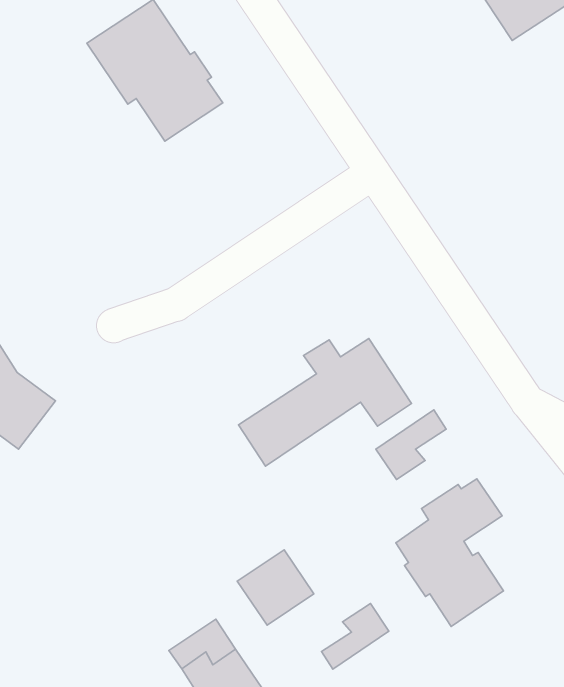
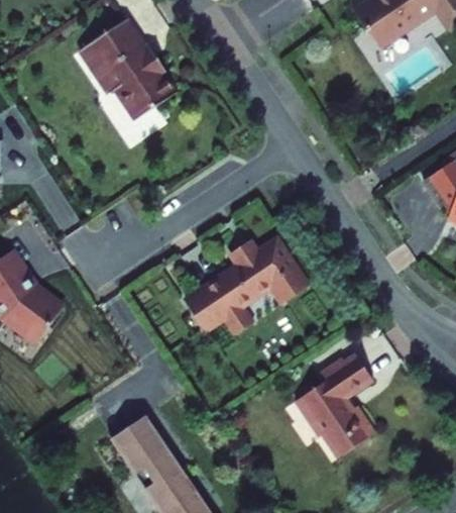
building: [376,410,446,479] -> none
building: [237,550,314,625] -> [115,423,169,477]
building: [322,604,389,669] -> none

